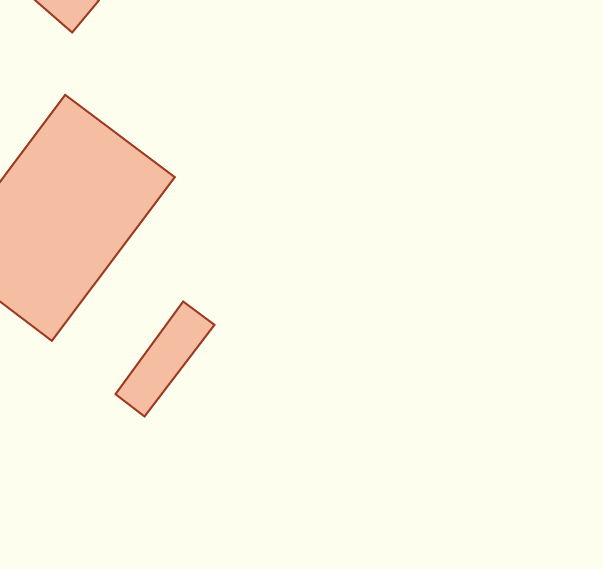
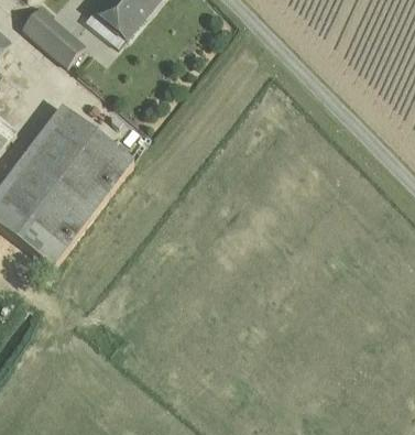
building: [115,301,214,417] -> none

